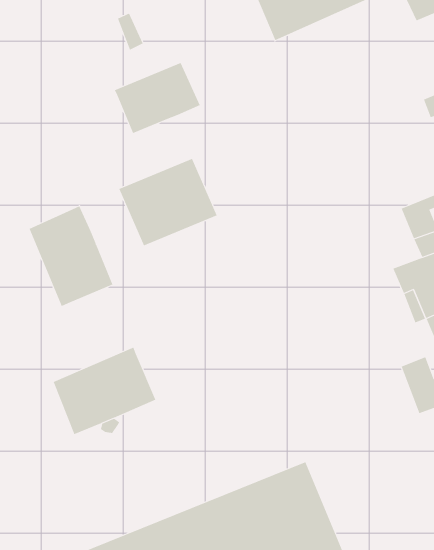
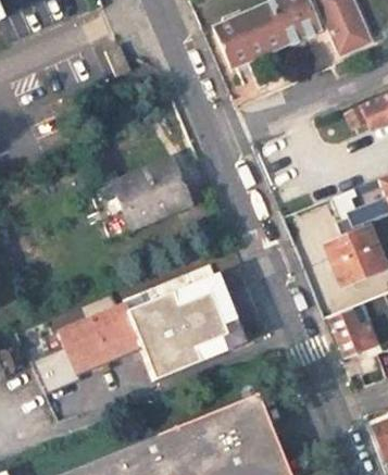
building: [114,62,200,134] -> none
building: [29,206,113,307] -> none
building: none -> [126,273,241,379]

